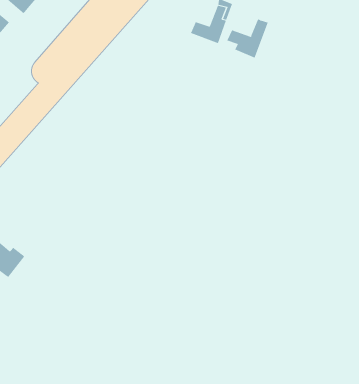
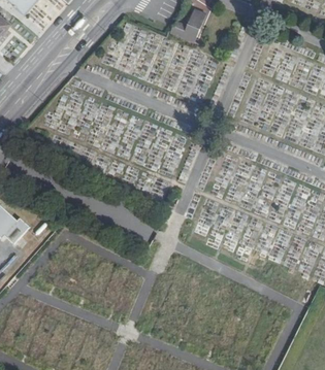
building: [227,19,268,58] -> none

